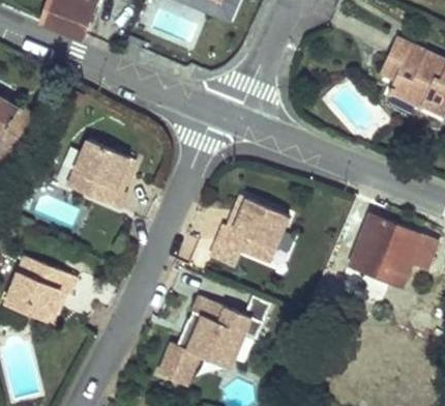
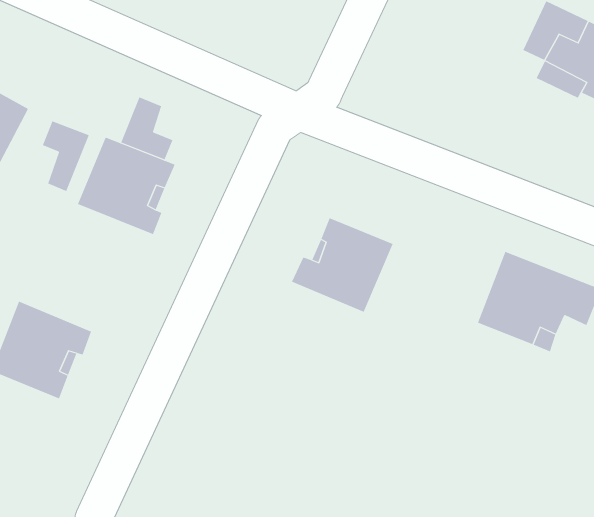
building: none -> [121,96,173,160]
building: none -> [42,120,89,192]
building: [161,293,269,383] -> none

